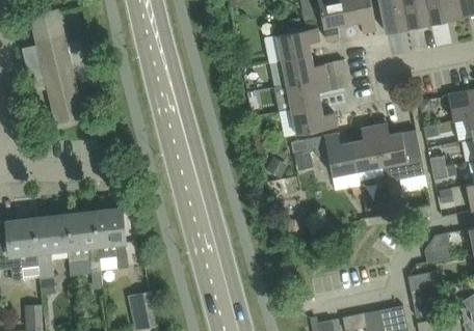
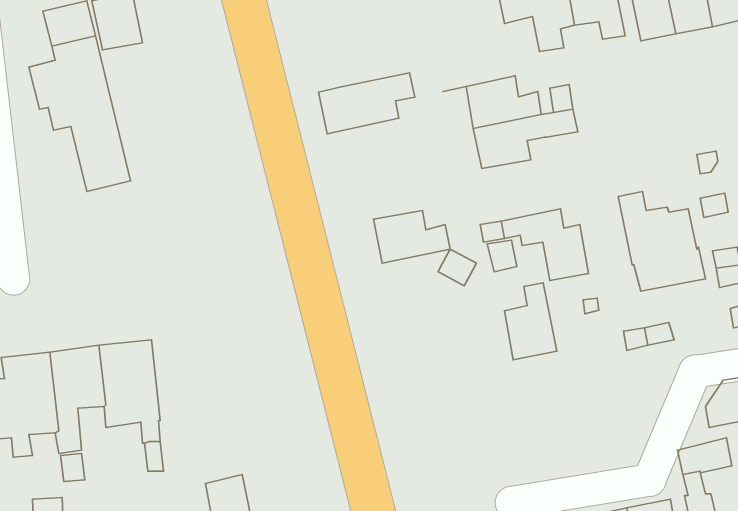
building: [263,28,320,64] -> [319,73,415,134]
building: [291,105,337,136] -> [373,211,450,263]
building: [349,127,380,172] -> [505,283,557,360]
building: [95,209,128,270] -> none

